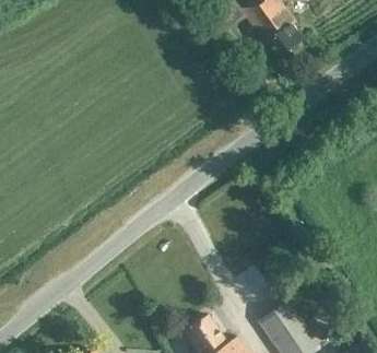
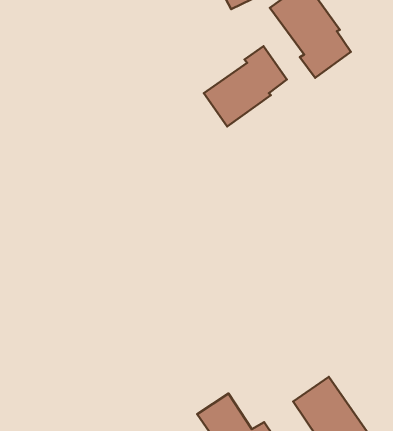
building: none -> [204,46,287,127]

